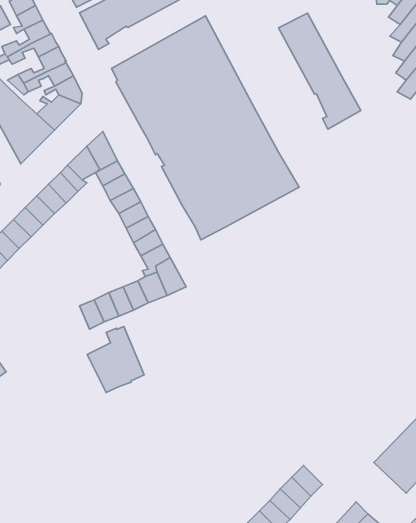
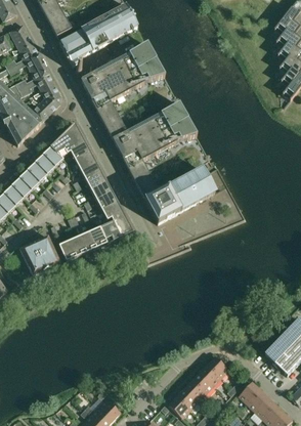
building: [279,13,361,129] -> none
building: none -> [143,166,214,221]
building: [87,327,144,393] -> [19,227,59,273]

